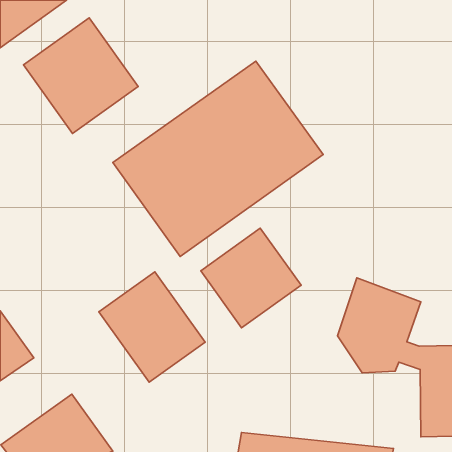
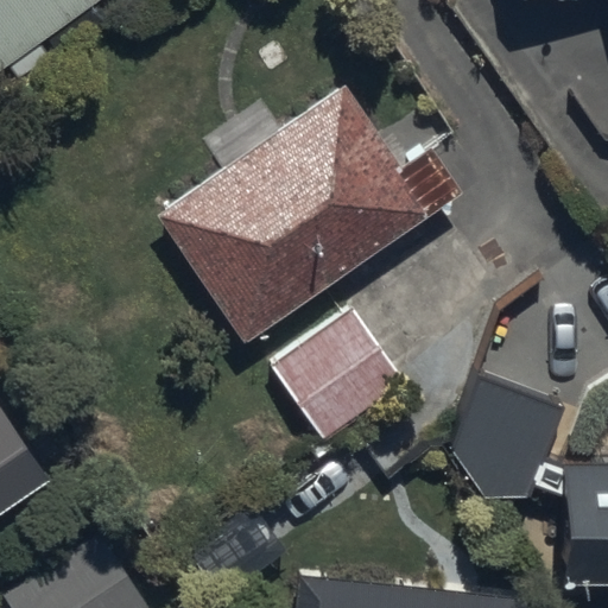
building: [24,18,138,133] -> none
building: [99,272,205,382] -> none

